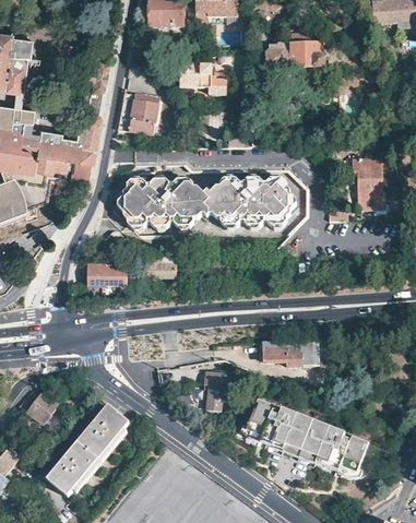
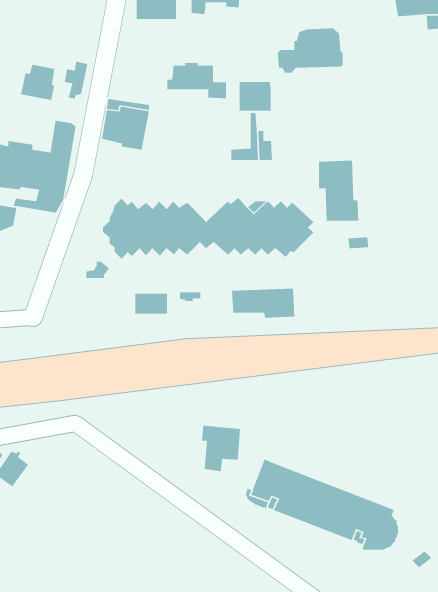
building: none -> [20,64,55,101]
building: none -> [238,81,271,111]
building: [354,159,389,212] -> [318,160,359,221]
building: [87,264,127,286] -> none
building: [260,341,314,367] -> [231,288,295,319]
building: [47,406,129,498] -> none

